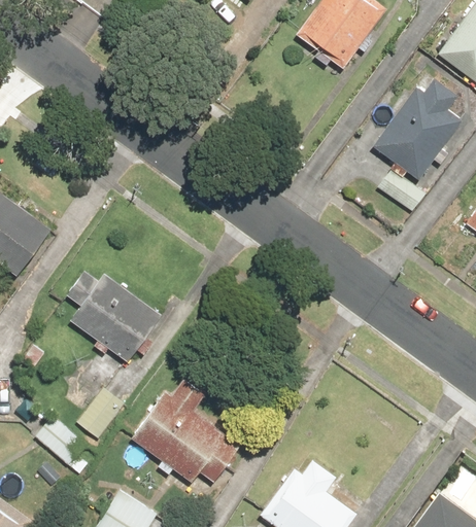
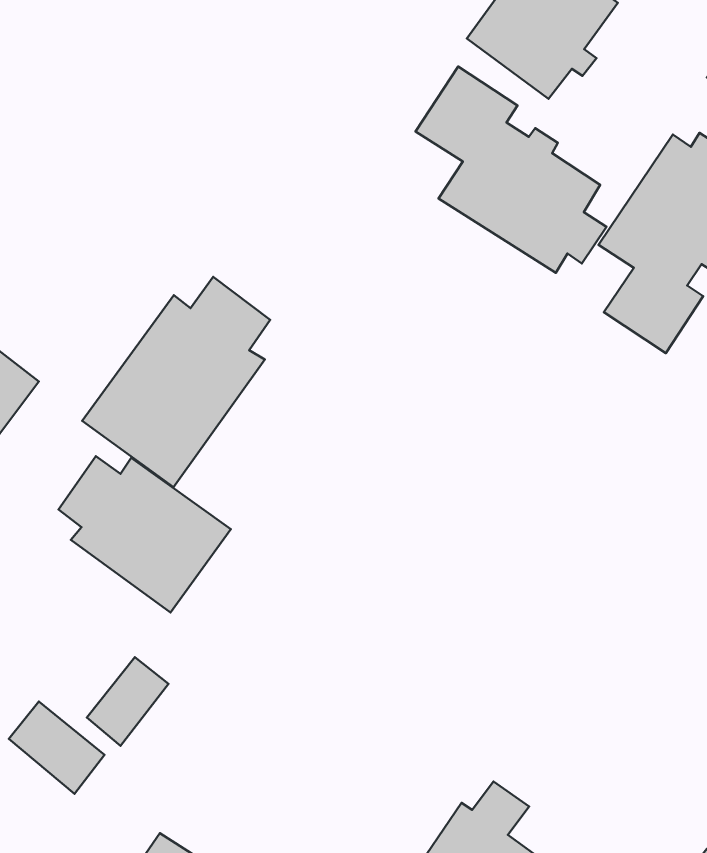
building: none -> [416,67,606,273]
building: none -> [82,277,270,487]
building: [131,391,241,482] -> none

